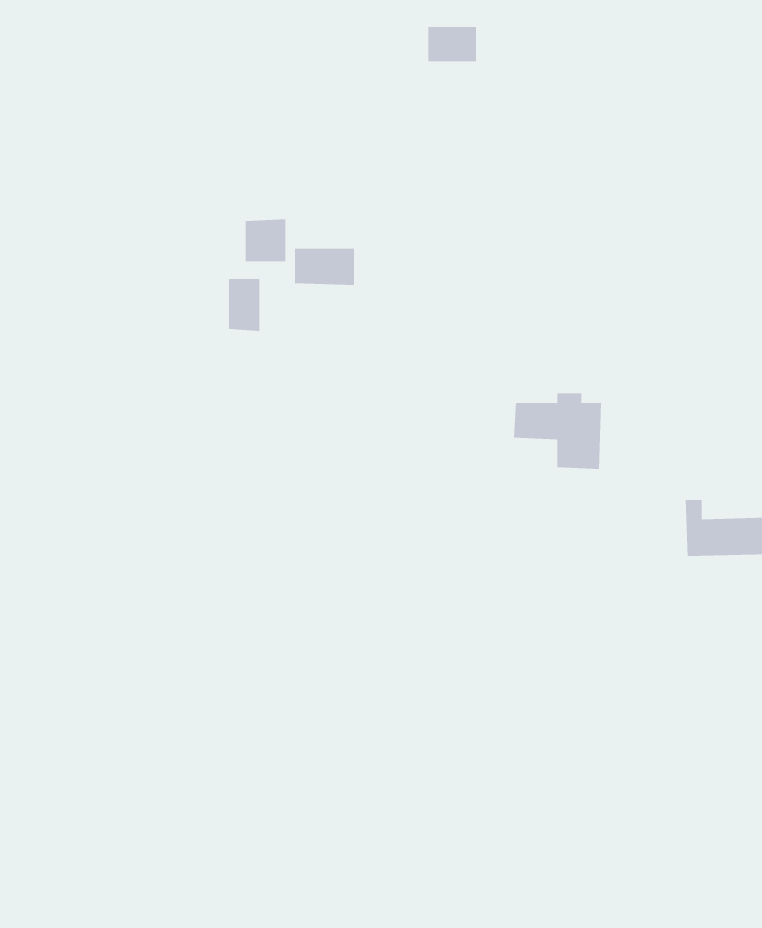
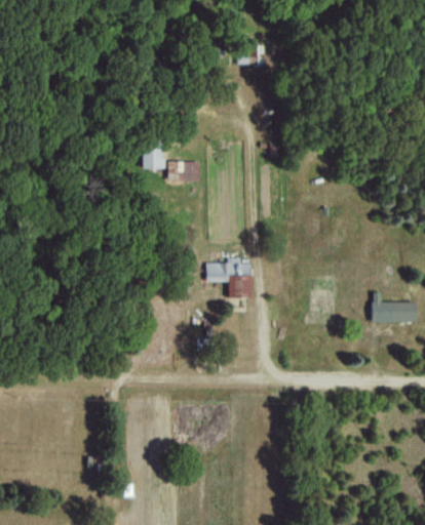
building: [229,278,260,332] -> none
building: [513,393,602,469] -> [206,258,253,298]

